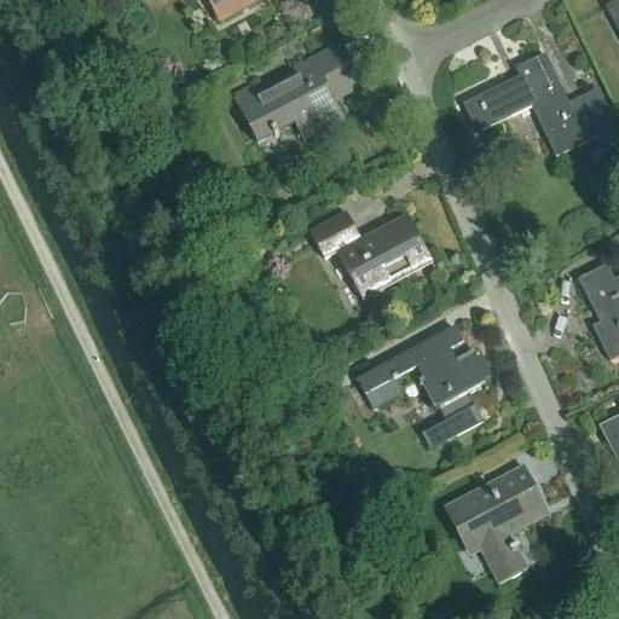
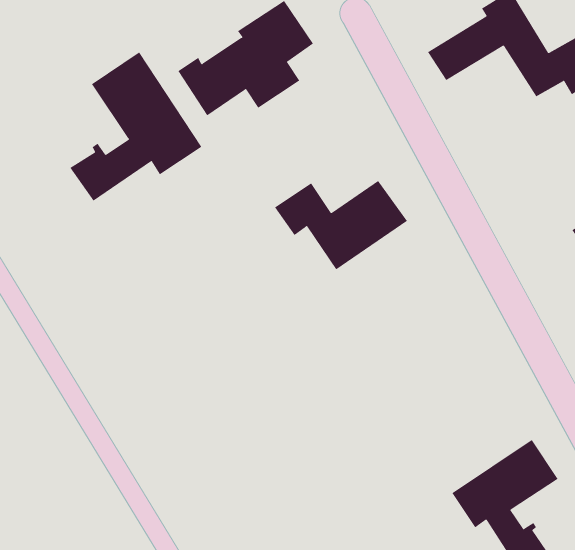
building: none -> [70,52,202,202]
building: [360,324,493,446] -> none

